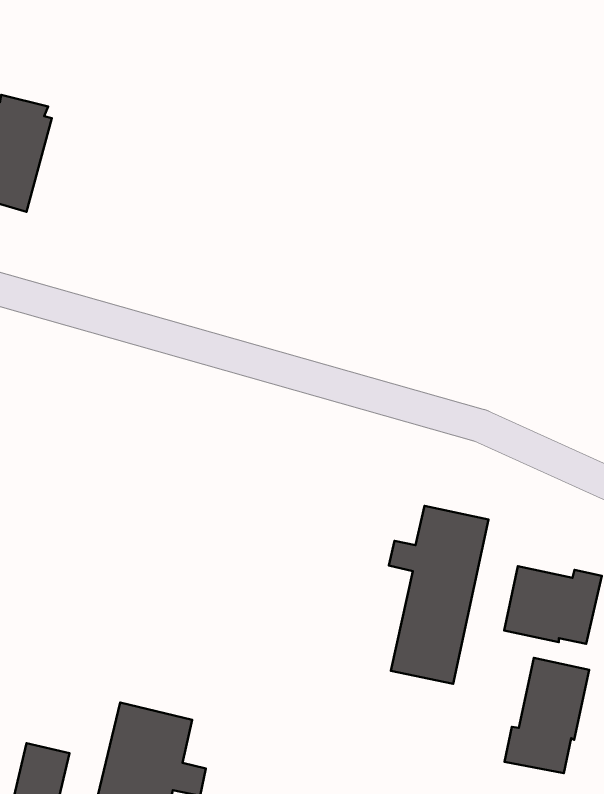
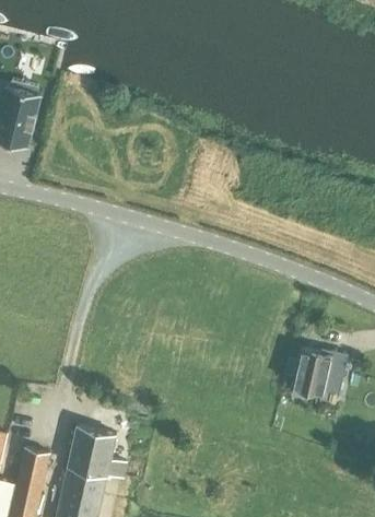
building: [389,506,489,684] -> none
building: [504,658,589,773] -> none

